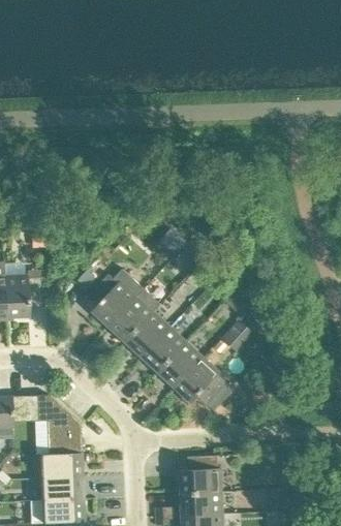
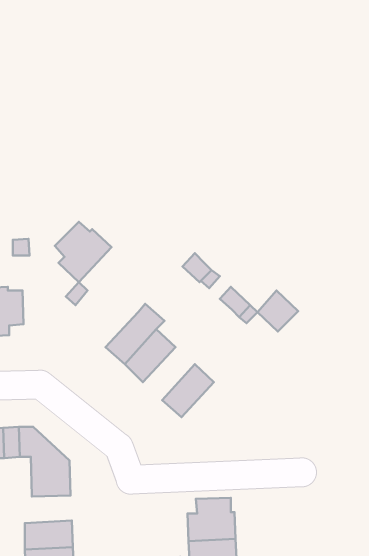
building: [89,275,137,327] -> [55,222,112,282]
building: [220,319,255,354] -> [257,291,298,332]
building: [142,327,186,372] -> none
building: [175,357,234,411] -> none
building: [39,454,81,477] -> none

